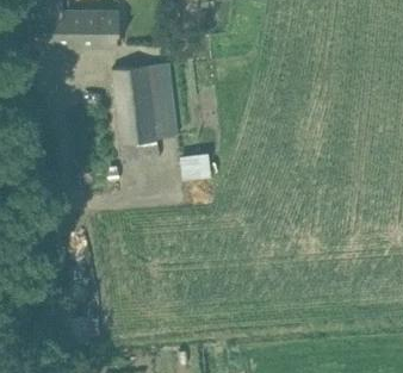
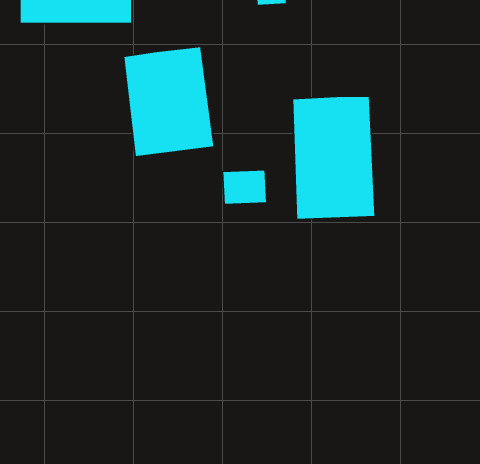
building: none -> [293,96,375,220]

